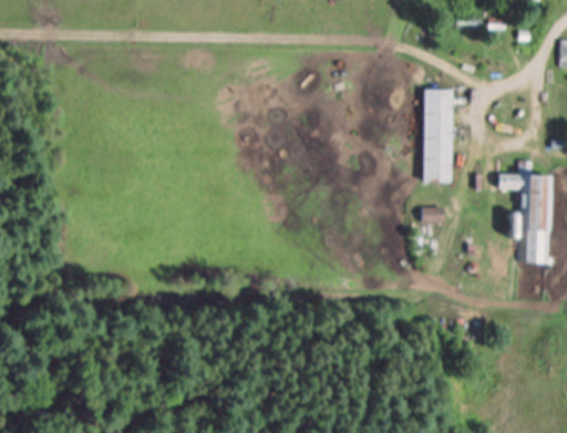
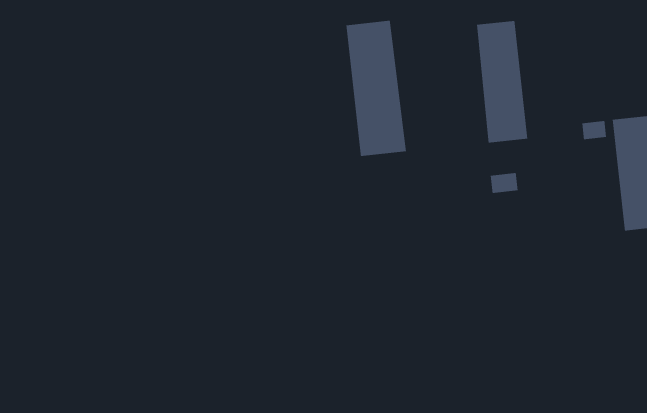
building: none -> [346,20,406,157]

